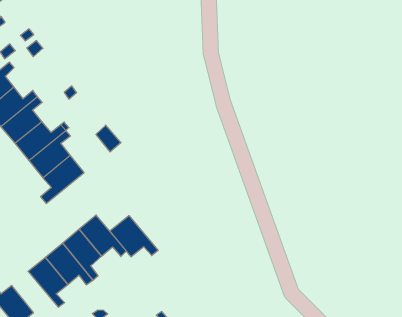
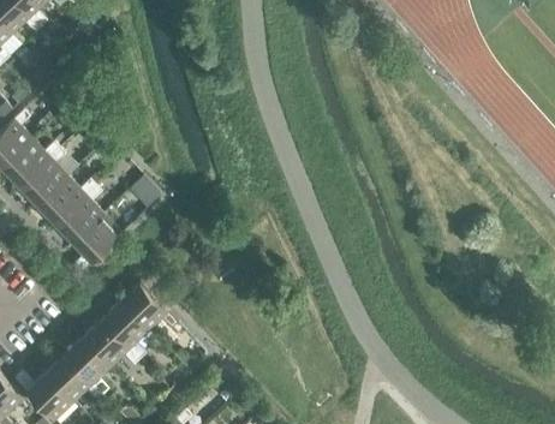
building: [110,216,158,257] -> none
building: none -> [44,356,101,404]

